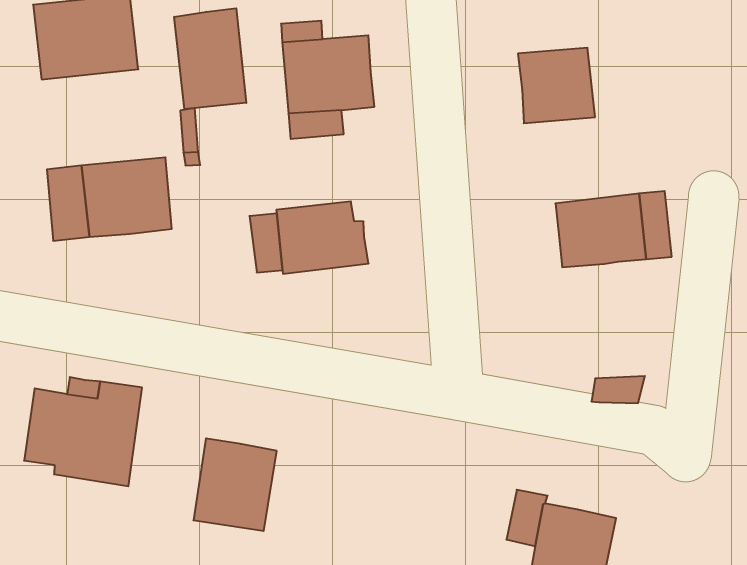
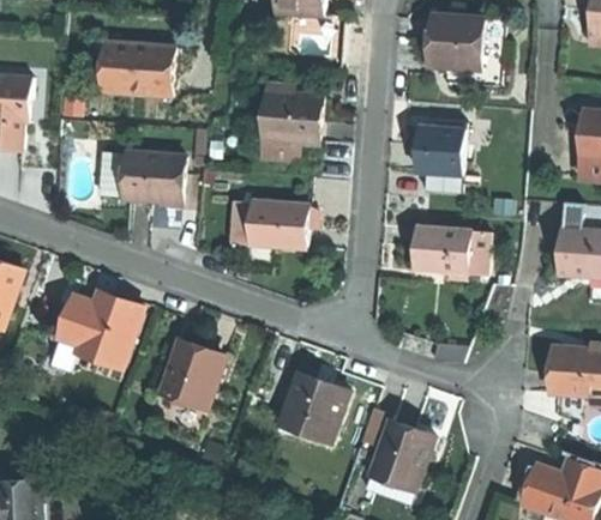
building: [174,8,246,109] -> none
building: none -> [282,370,347,430]

